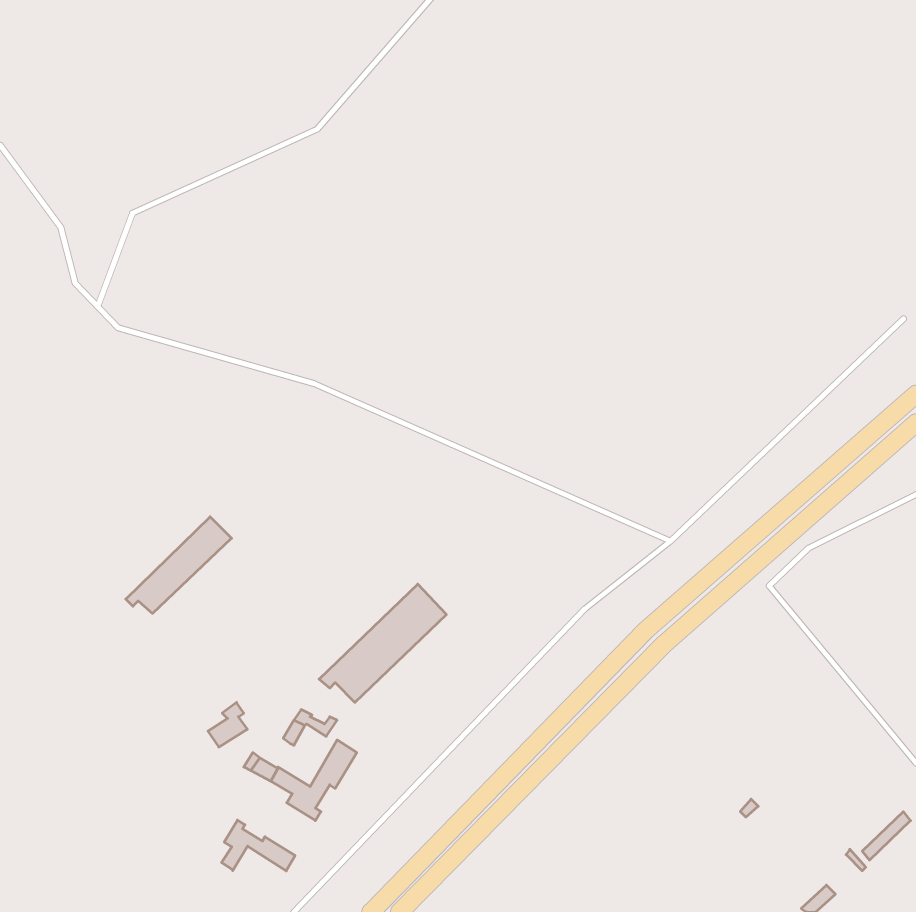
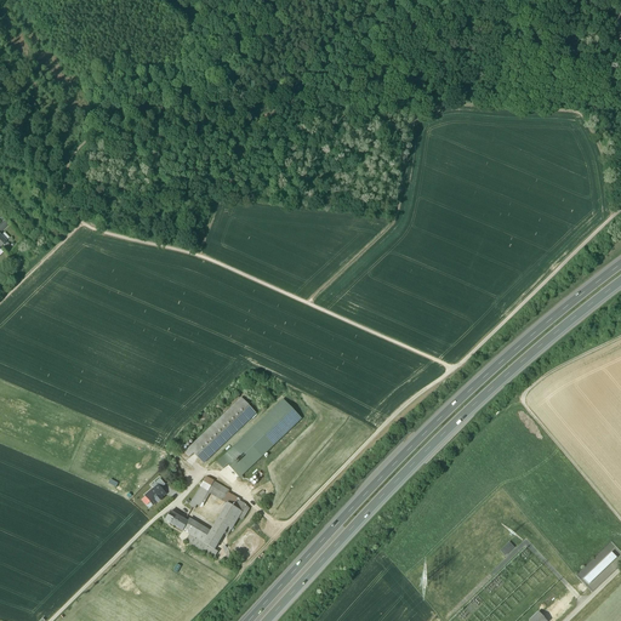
building: [126,517,232,613] -> [184,395,256,461]
building: [222,820,295,871] -> none

